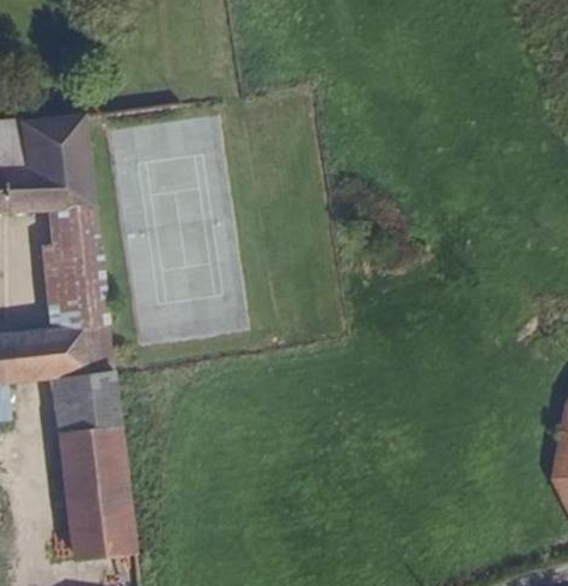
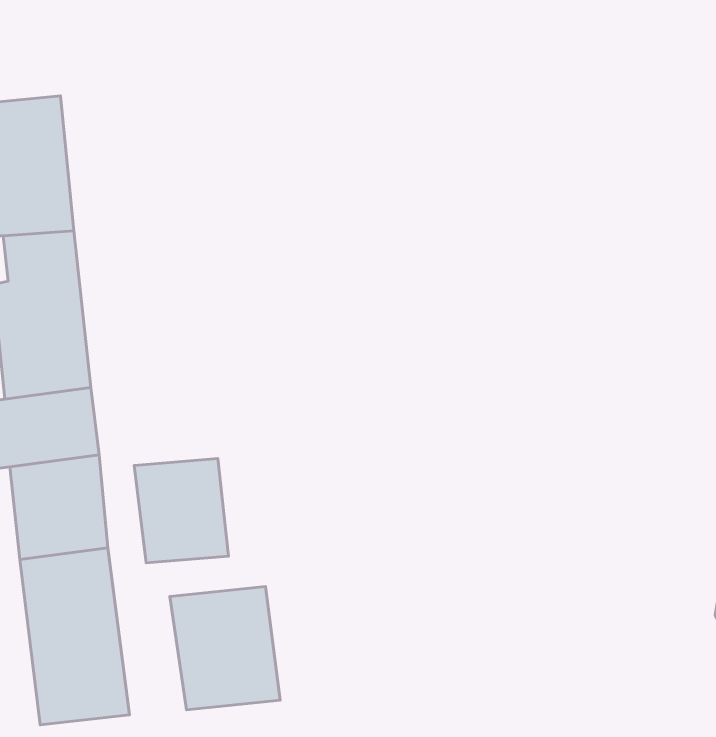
building: none -> [134,459,228,563]
building: none -> [170,587,280,710]

